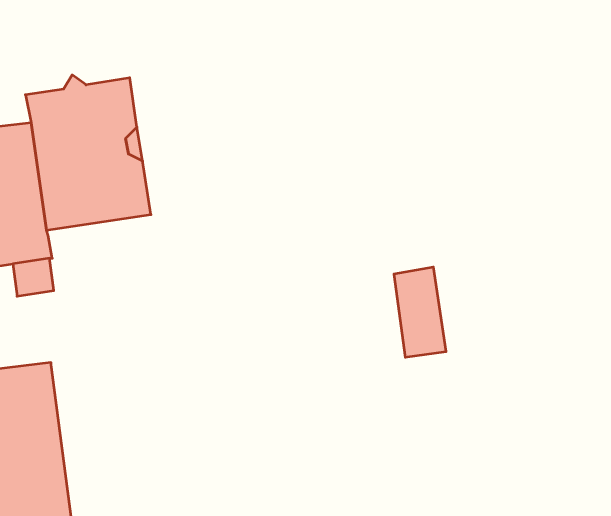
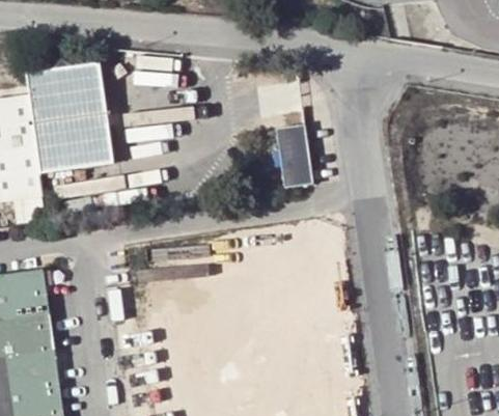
building: [394,267,446,357] -> [275,124,313,191]

